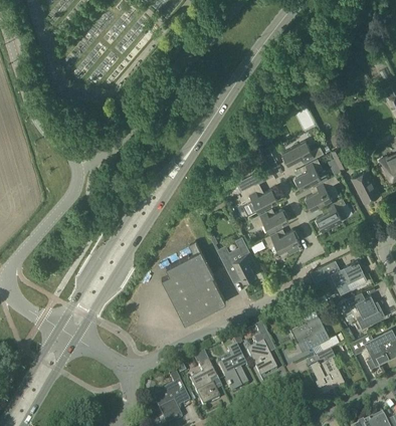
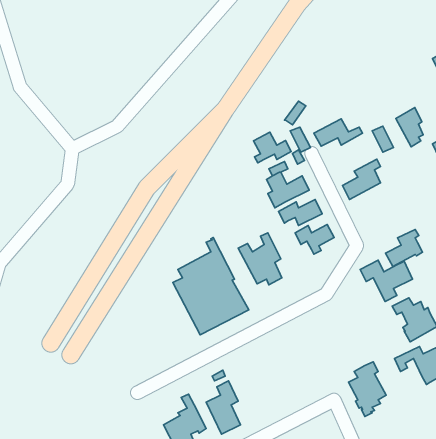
building: none -> [253,132,291,163]
building: [293,159,321,189] -> none
building: [351,170,374,203] -> [396,108,423,147]
building: [316,198,347,229] -> [386,230,422,266]
building: [290,318,339,353] -> none
building: [247,334,276,378] -> none
building: [217,348,247,394] -> none

